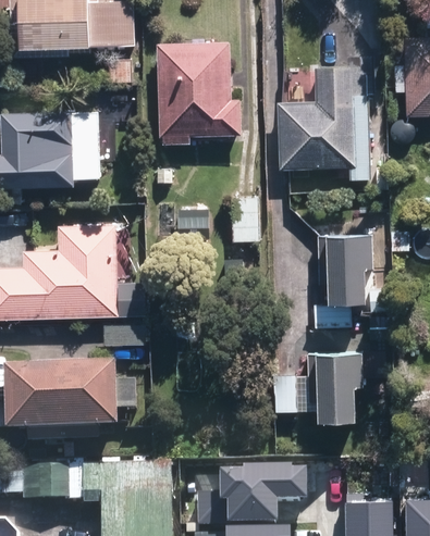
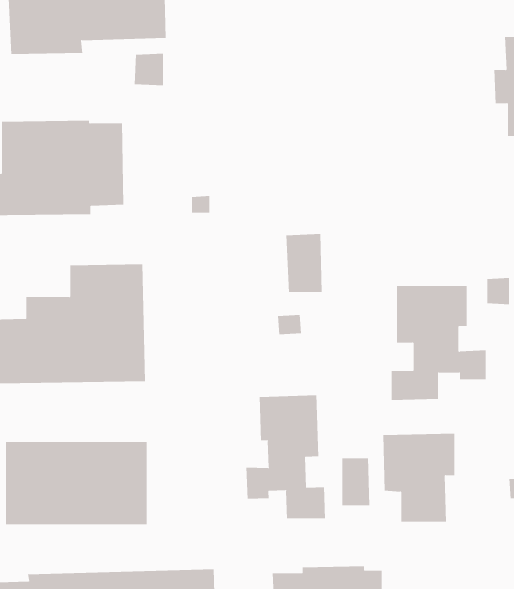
building: [156,38,242,135] -> none
building: [277,59,372,183] -> none
building: none -> [246,395,326,519]

